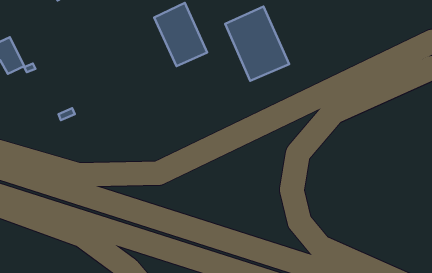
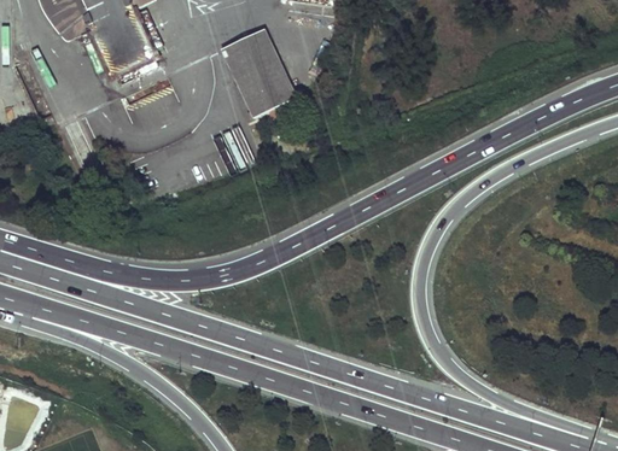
building: [225,7,289,81] -> none

